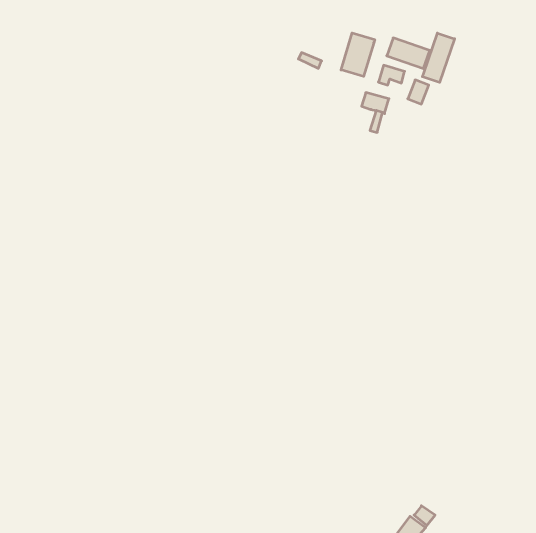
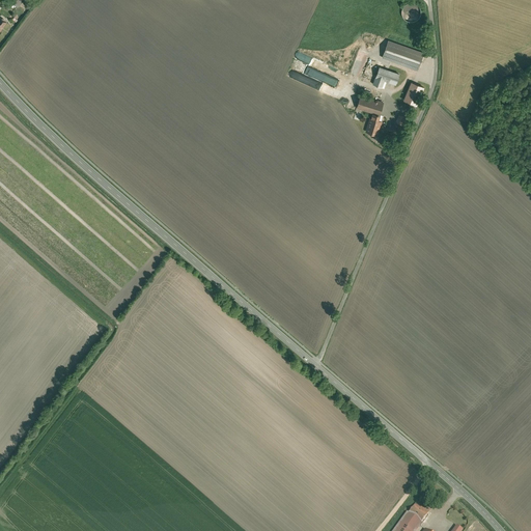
building: [341,33,375,76] -> none
building: [422,33,455,82] -> none

